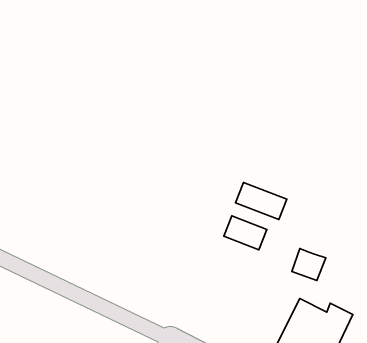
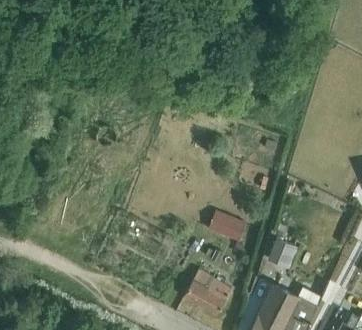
building: [236,182,287,220] -> none
building: none -> [183,270,232,316]

